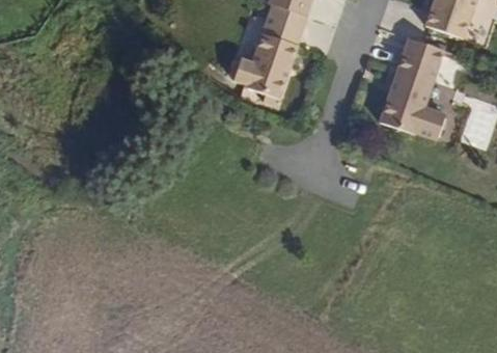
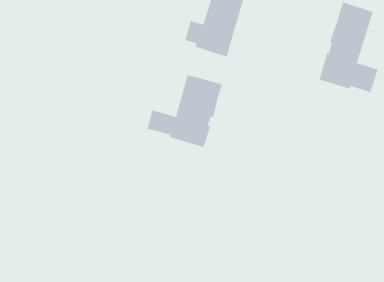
building: none -> [147,74,222,148]

